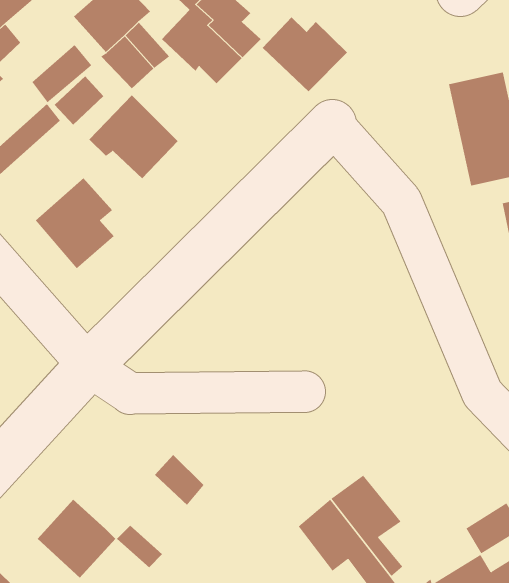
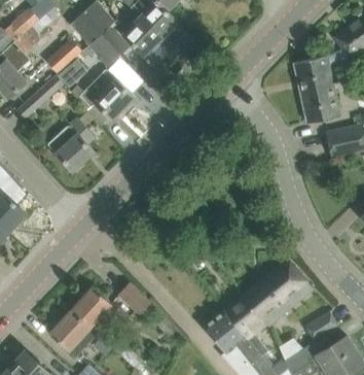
building: [262,17,348,92] -> none
building: none -> [244,261,313,327]
building: none -> [71,287,111,328]

